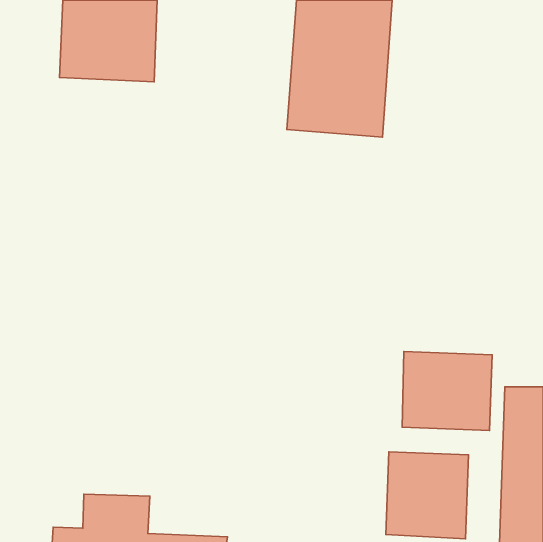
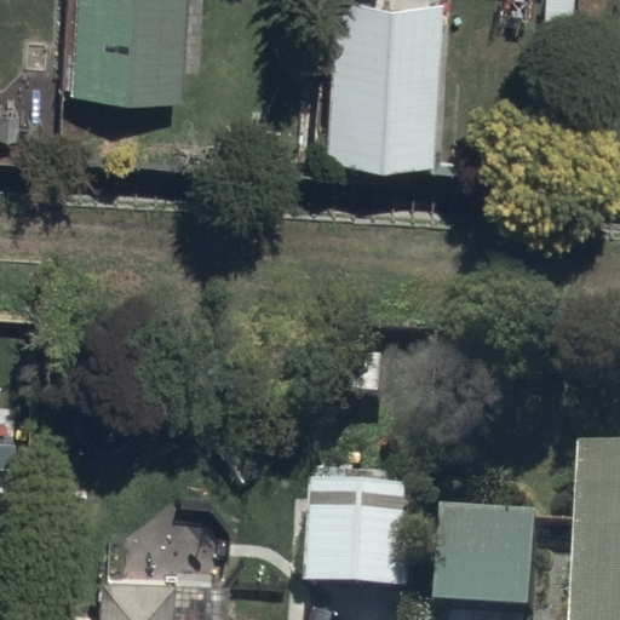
building: [402,351,492,430] -> none
building: none -> [311,483,415,593]

